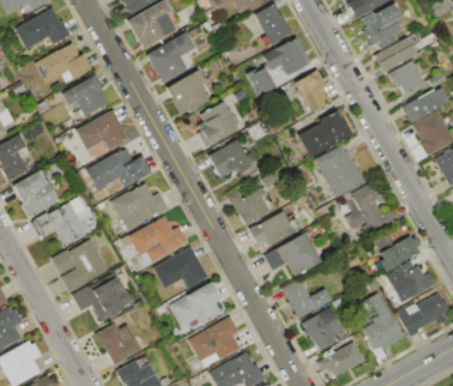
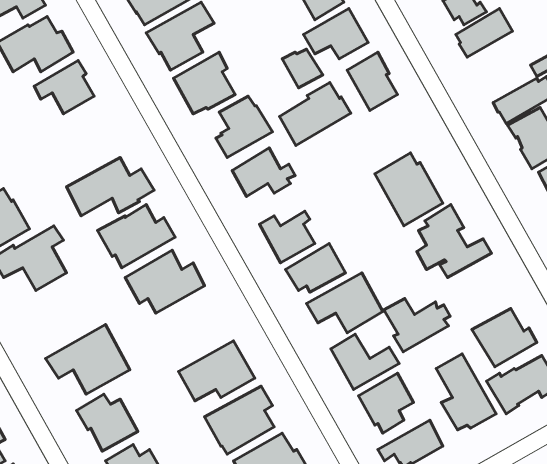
building: [387,60,424,94] -> none
building: [76,109,129,150] -> none
building: [297,110,350,157] -> [280,82,351,146]
building: [372,233,421,272] -> [384,298,450,352]
building: [52,239,108,292] -> none
building: [152,246,207,288] -> none

